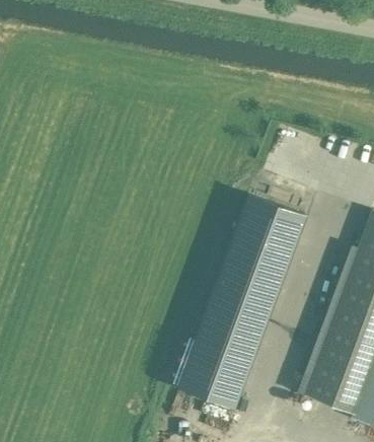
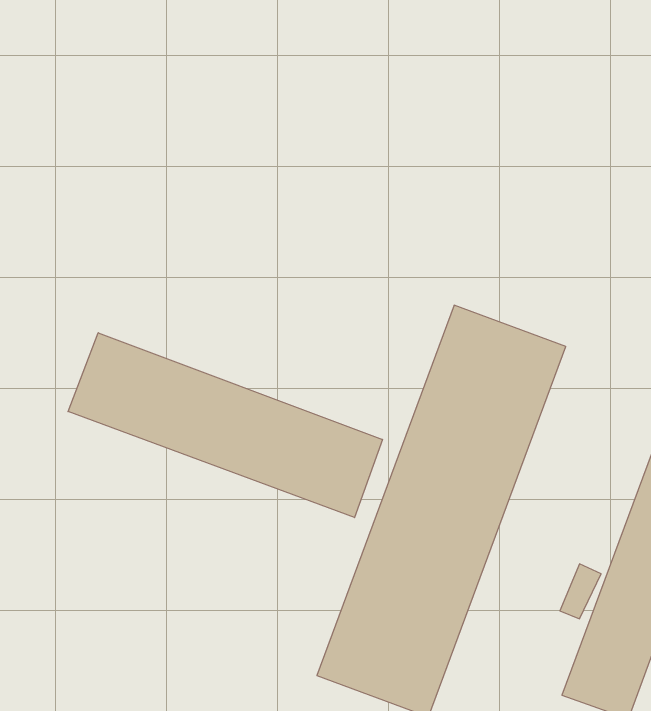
building: none -> [68,333,382,518]

